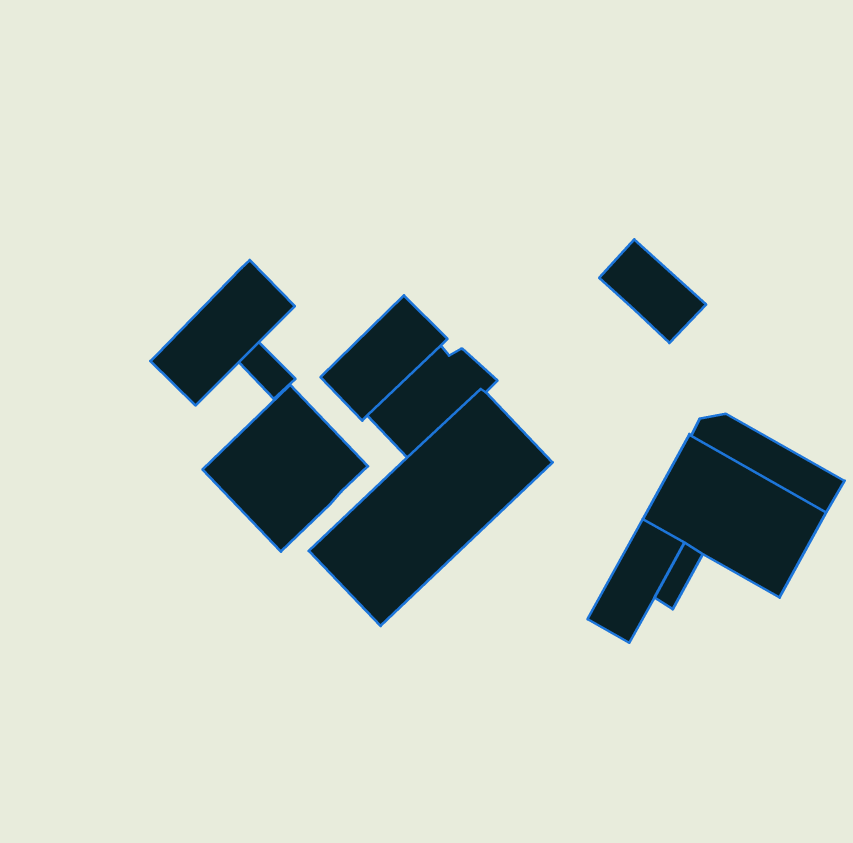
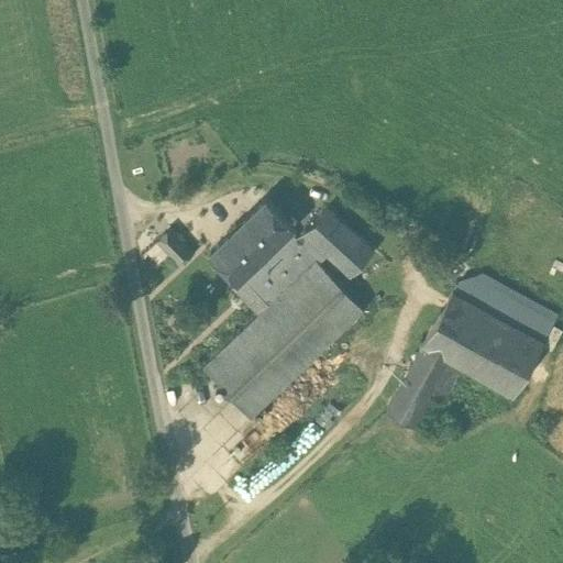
building: [599,239,706,343] -> [305,211,375,279]
building: [150,260,295,405] -> none
building: [203,384,368,552] -> none

